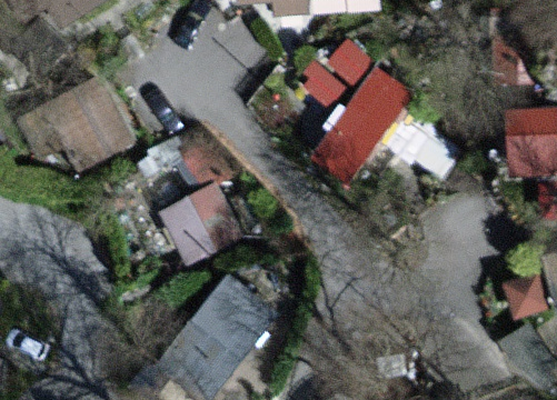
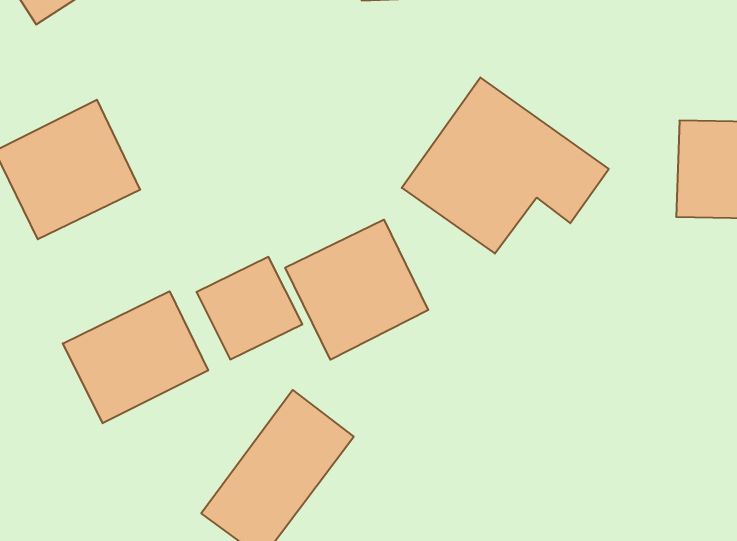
building: none -> [285,220,428,360]
building: none -> [63,291,208,423]

